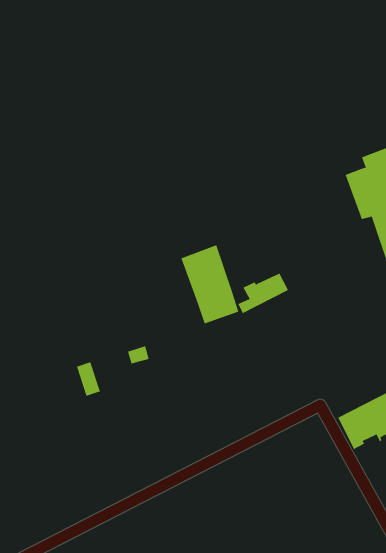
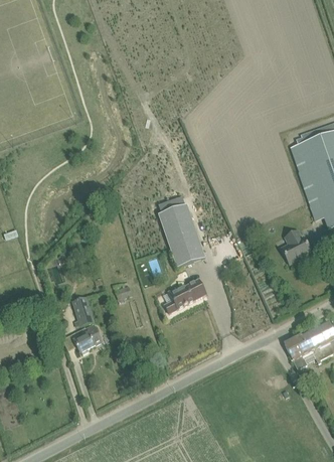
building: [238,273,289,314] -> [164,279,205,312]
building: none -> [280,229,310,263]
building: none -> [73,328,102,352]

